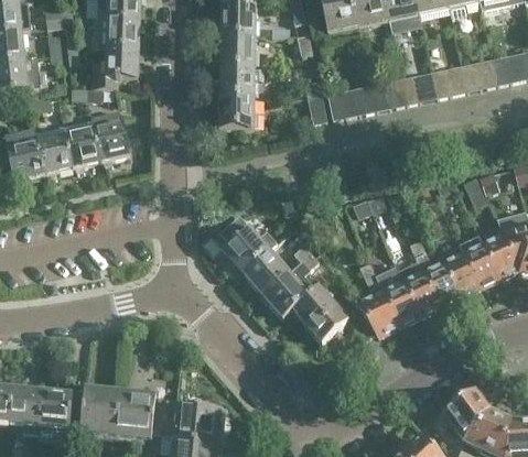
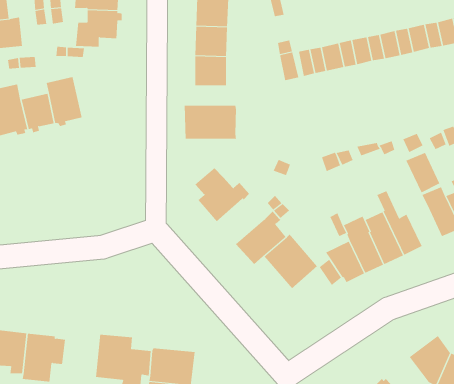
building: [91,110,130,165] -> none
building: none -> [184,105,237,139]
building: [243,247,293,295] -> none
building: [443,254,479,297] -> [406,152,440,193]
building: [79,387,119,435] -> none

